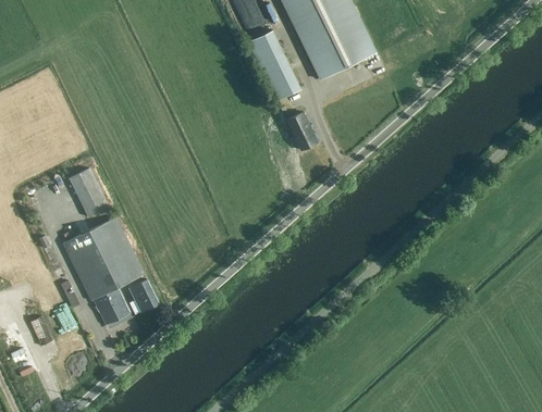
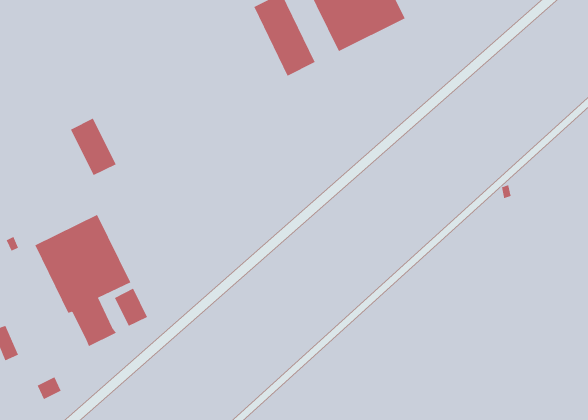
building: [286,113,317,151] -> none
building: [70,168,109,217] -> [70,118,116,176]

